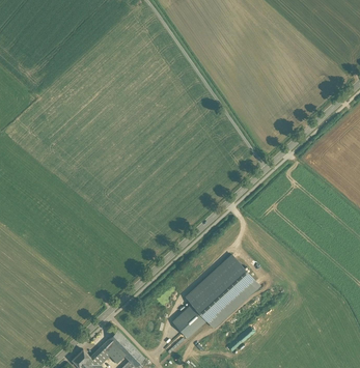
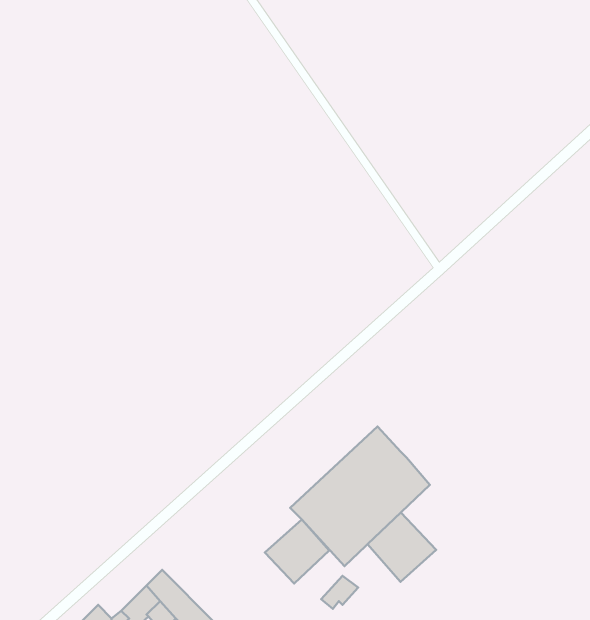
building: none -> [367,512,436,582]

